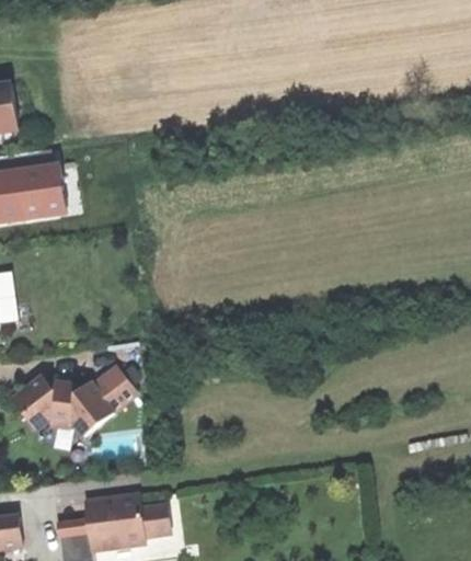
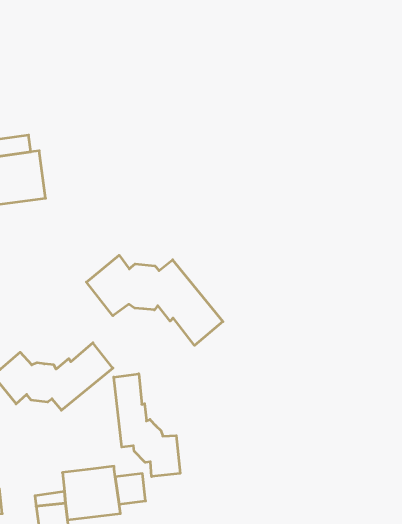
building: none -> [86,255,223,345]
building: none -> [114,374,180,477]

